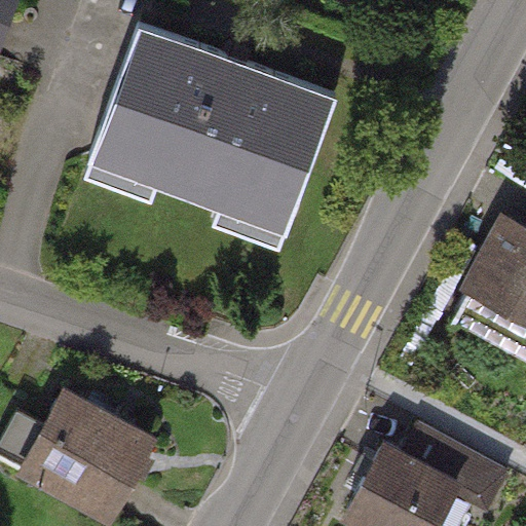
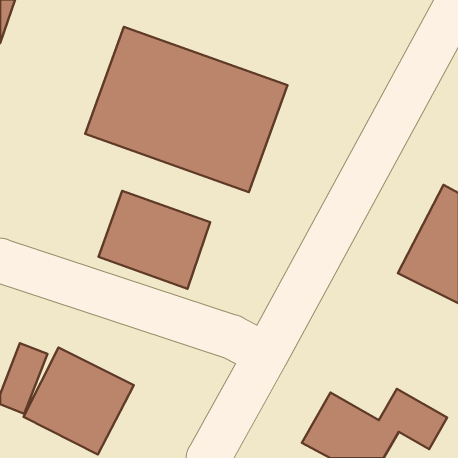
building: none -> [98,191,210,289]

